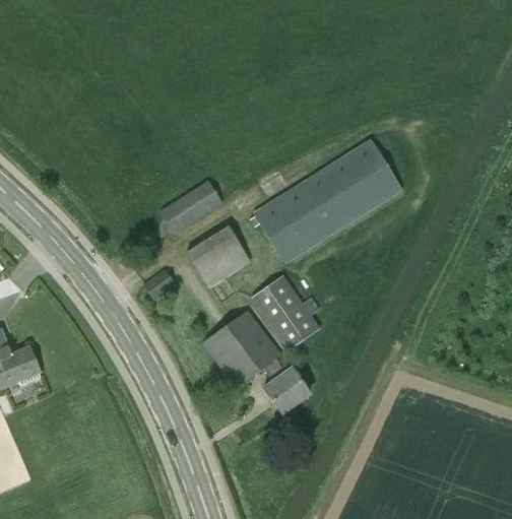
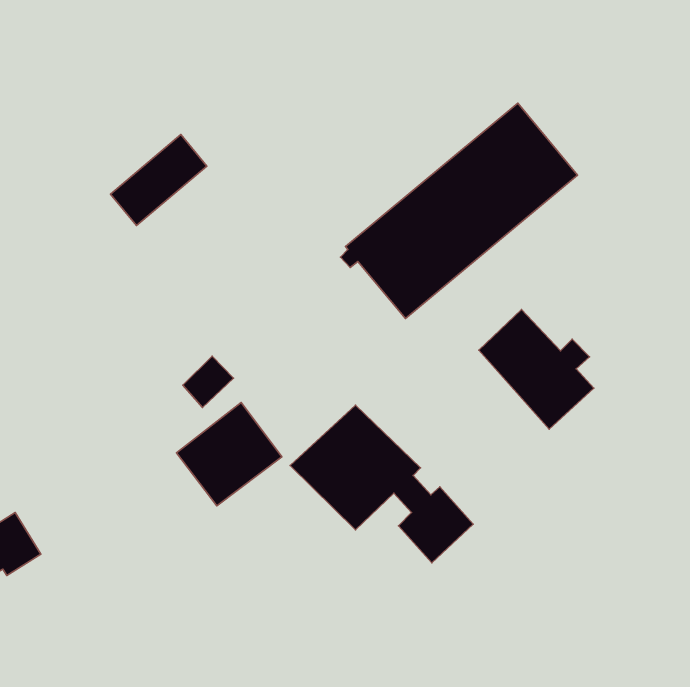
building: [159,181,220,233] -> [111,135,207,226]
building: [187,223,251,284] -> [176,403,282,506]
building: [251,275,318,350] -> [479,310,594,429]

